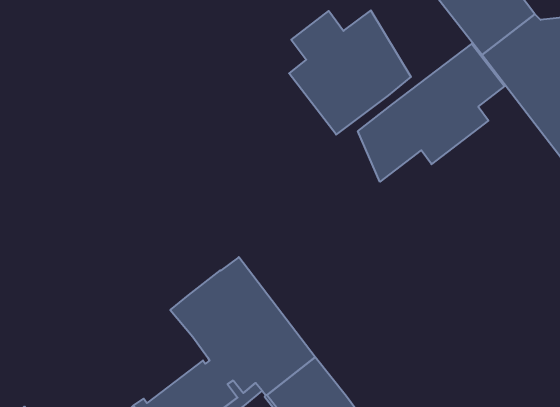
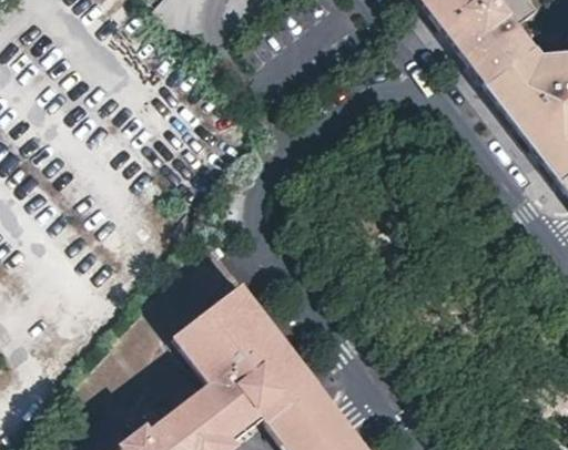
building: [289,10,411,135] -> none
building: [358,44,504,182] -> none

